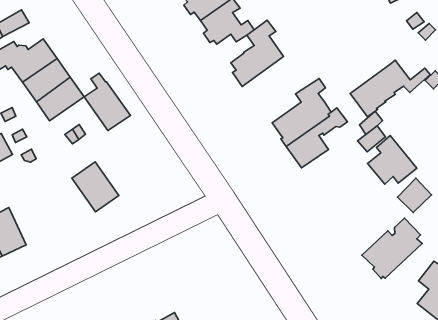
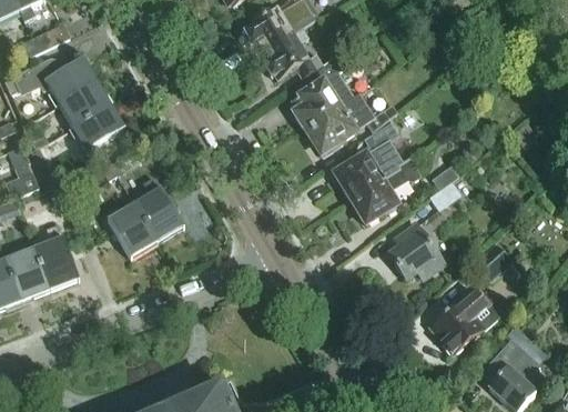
building: [350,60,430,117] -> [304,93,396,155]
building: [84,73,130,131] -> [132,177,183,242]
building: [368,136,417,184] -> [385,224,440,279]
building: none -> [31,224,78,291]

